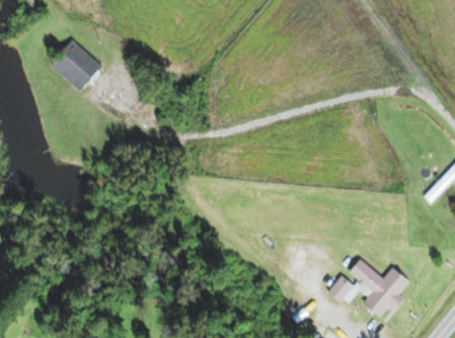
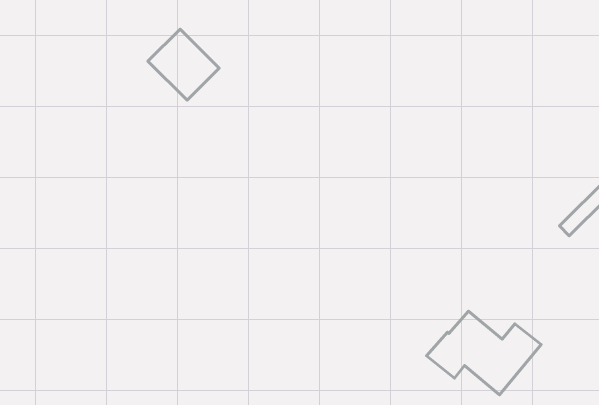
building: [50,40,101,91] -> [148,29,219,100]

